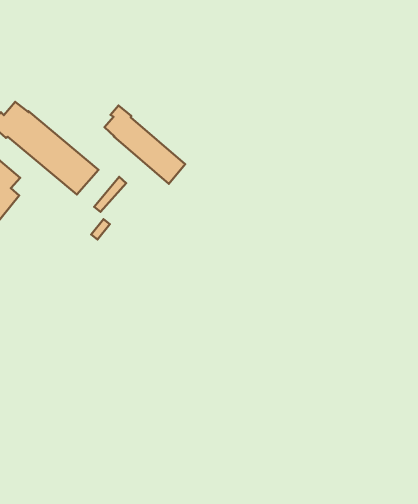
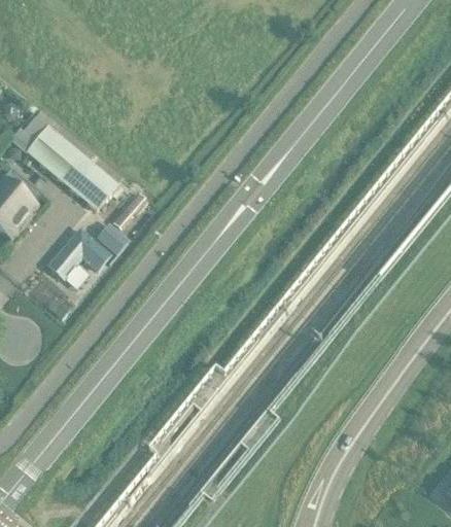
building: [105,106,185,184] -> none
building: none -> [48,229,110,278]

